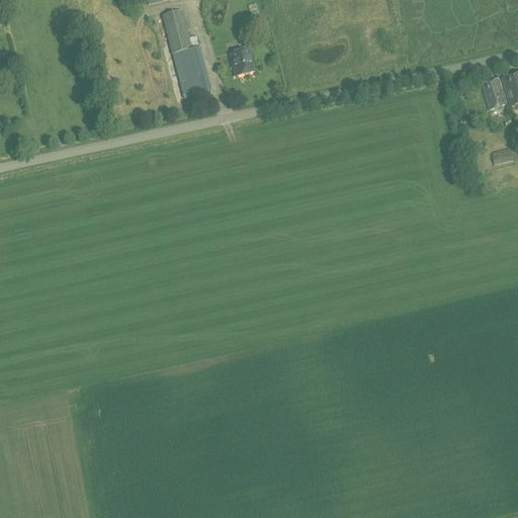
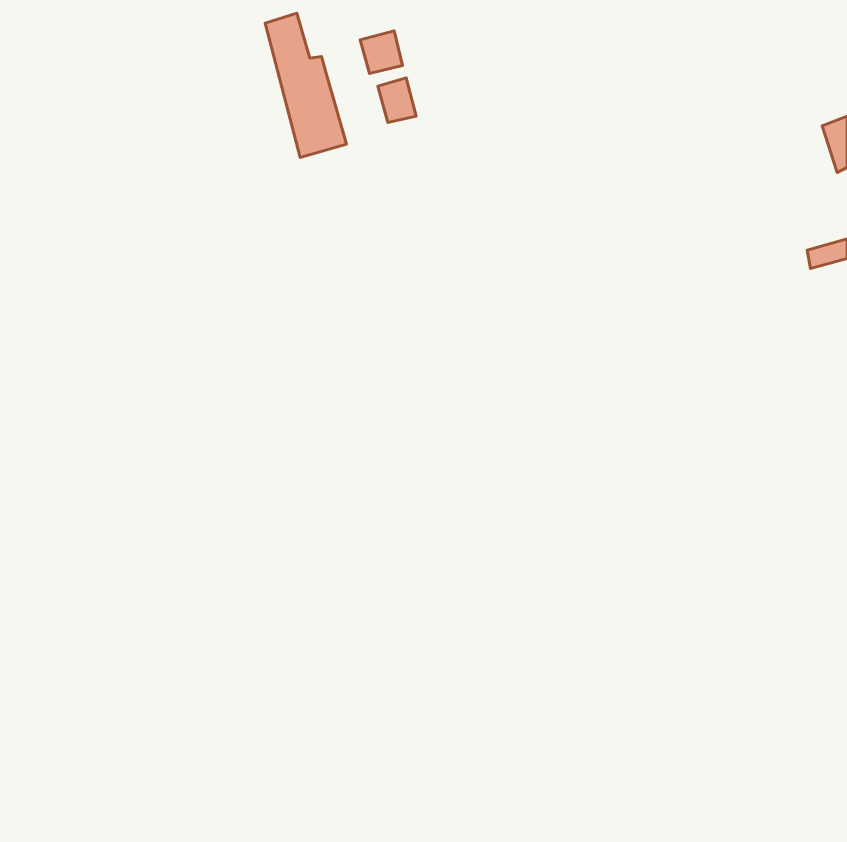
building: none -> [360,31,402,74]
building: [482,77,508,109] -> none

